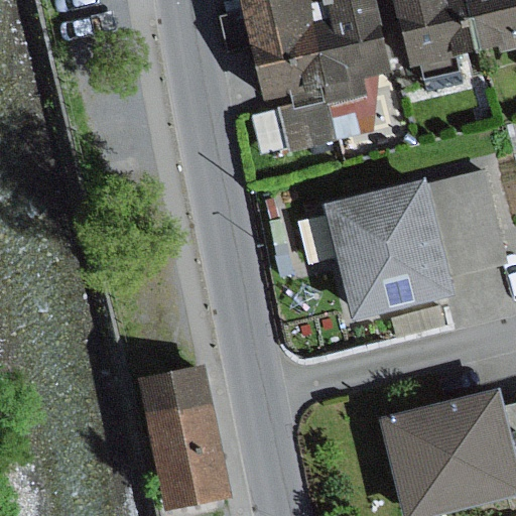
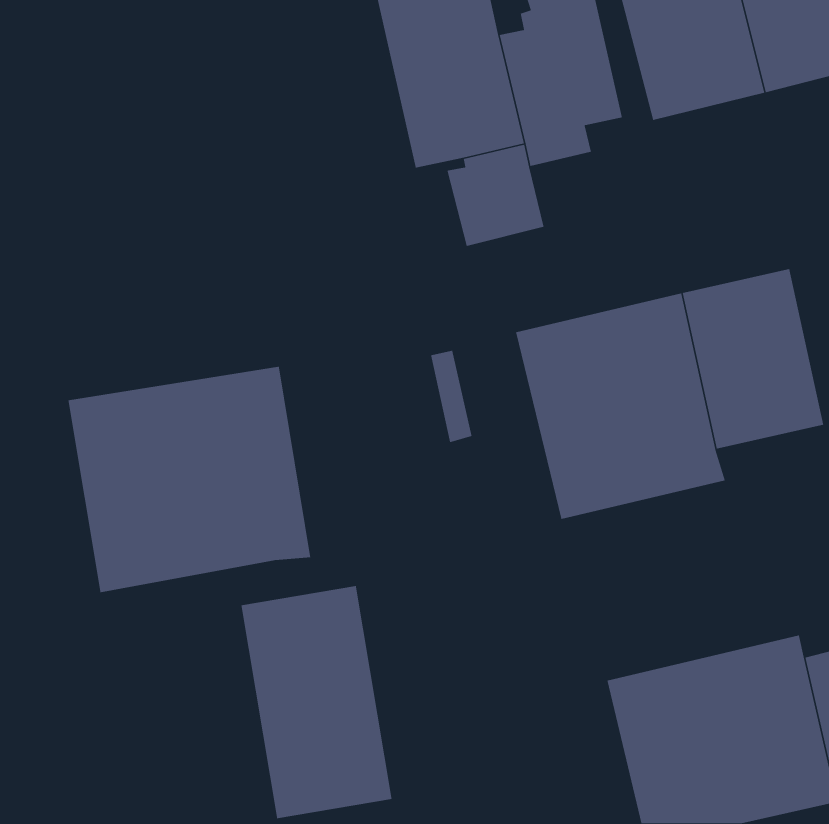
building: none -> [67,366,311,593]

